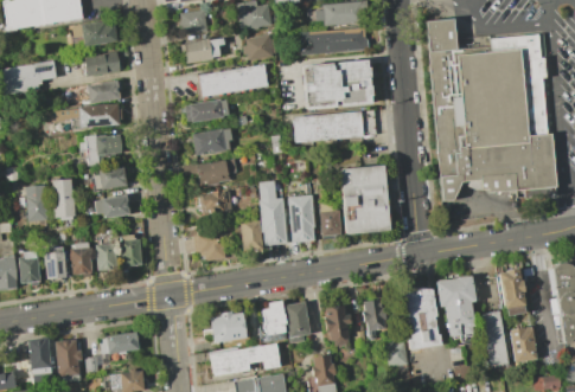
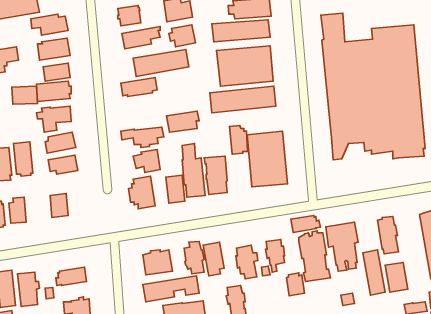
building: [191,128,231,154] -> [167,111,199,132]
building: [318,203,340,238] -> [229,125,248,154]
building: [120,233,141,265] -> none
building: [70,242,91,274] -> none
building: none -> [291,215,320,232]

